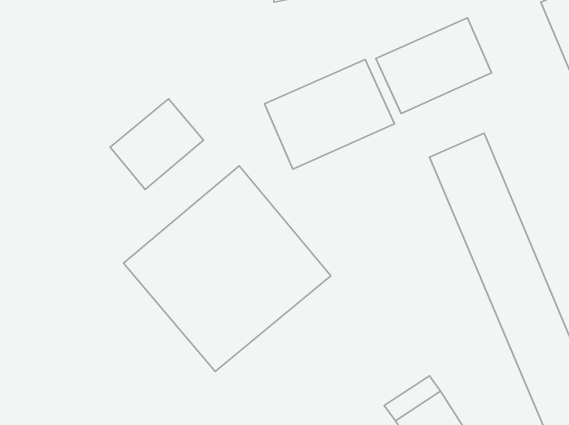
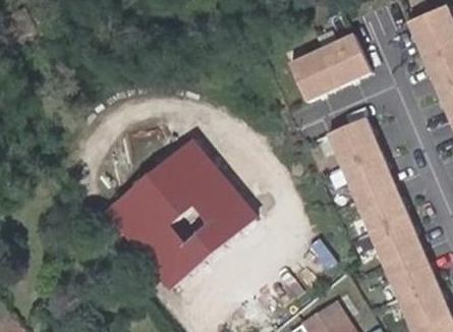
building: [265,60,395,169] -> none
building: [110,99,204,190] -> none

